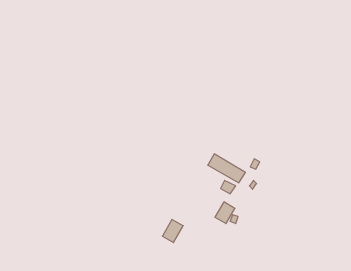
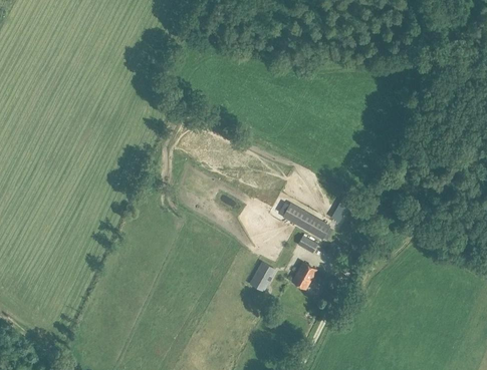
building: [162,219,183,243] -> [250,262,276,291]

